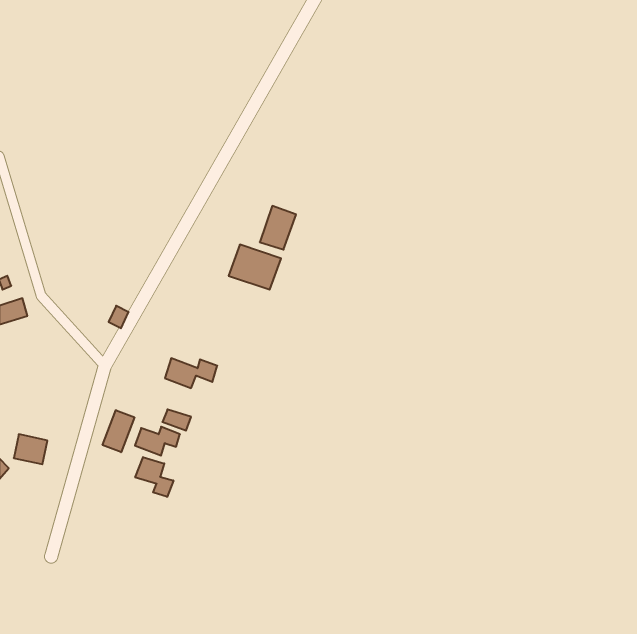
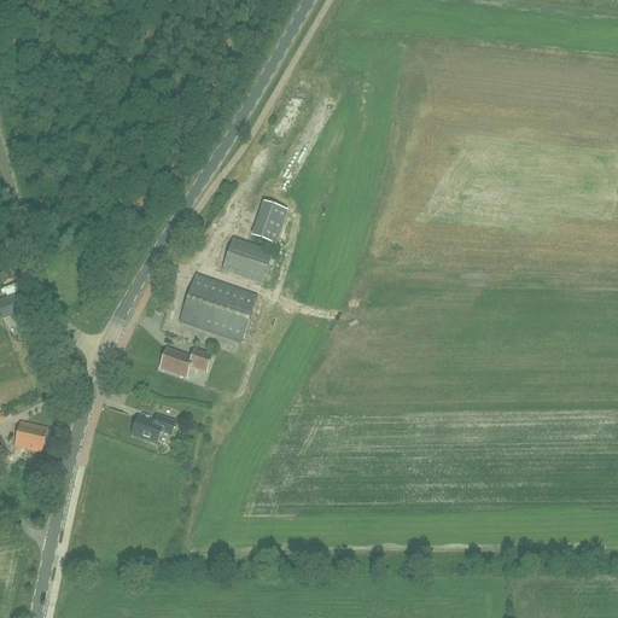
building: none -> [179,272,256,340]
building: [103,410,134,452] -> none
building: [135,457,173,497] -> none

